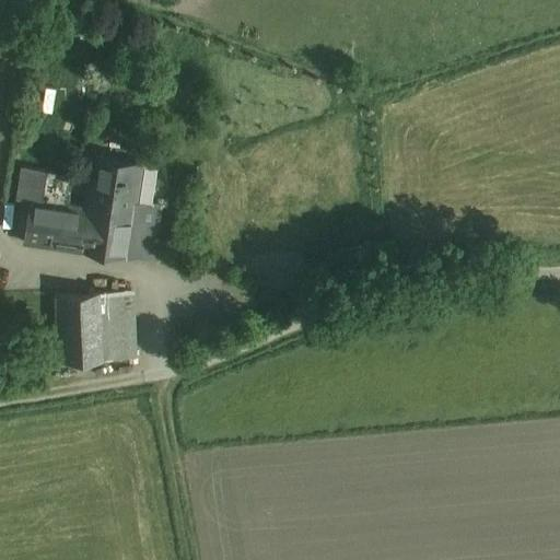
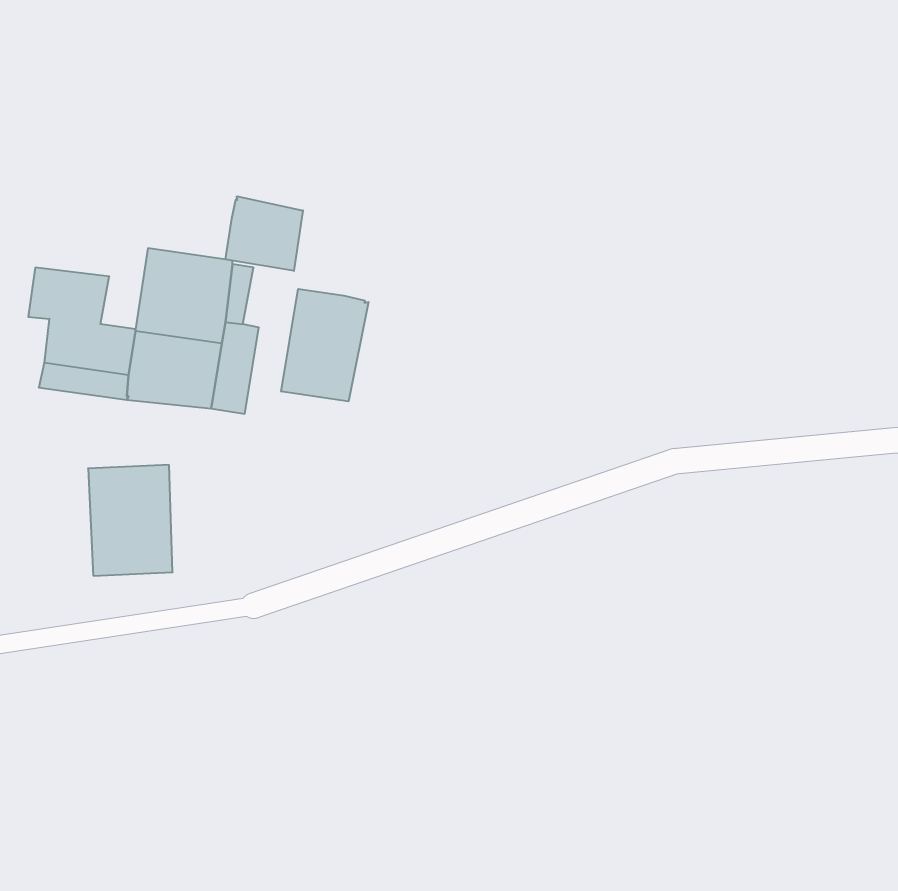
building: none -> [226,196,303,271]
building: none -> [281,289,368,401]
building: [105,293,135,361] -> none

